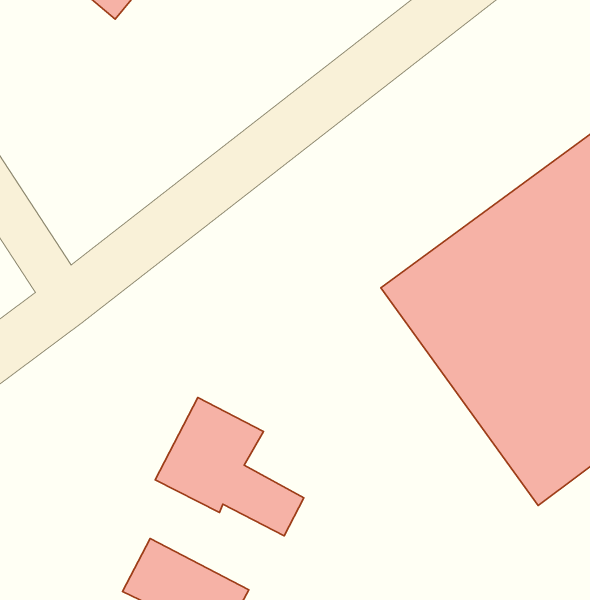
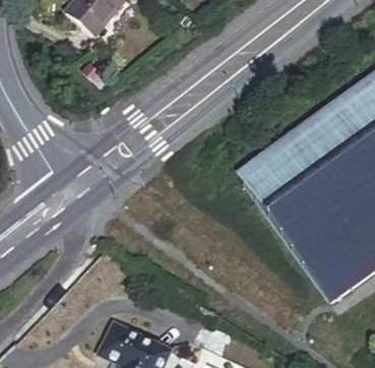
building: [155,397,304,536] -> none

